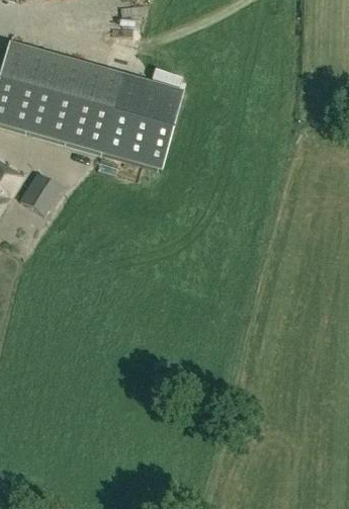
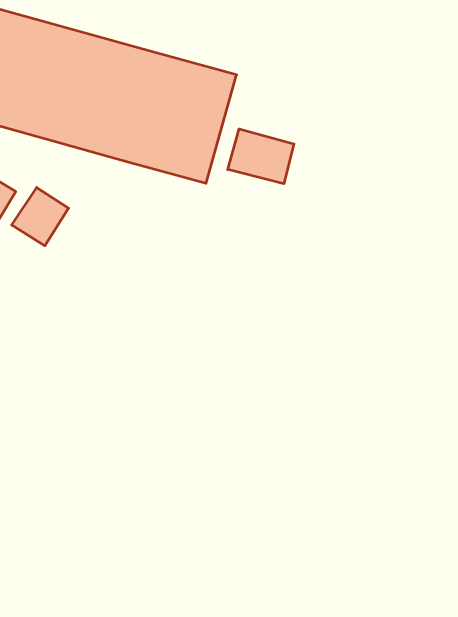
building: none -> [228,129,294,184]

